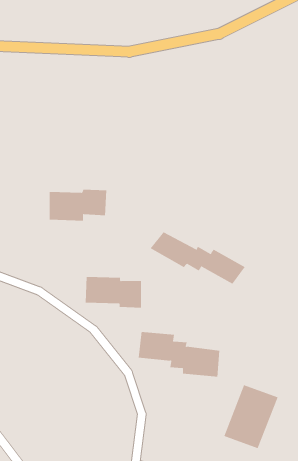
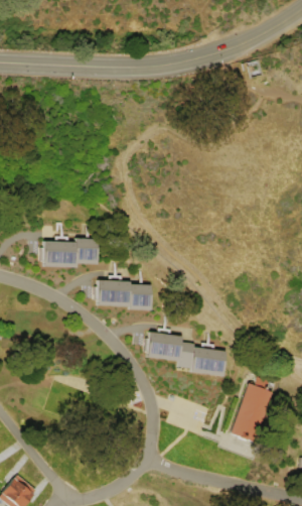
building: [49,189,107,221] -> [43,238,99,268]
building: [150,231,245,284] -> none

